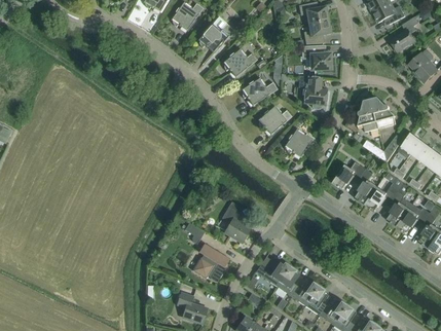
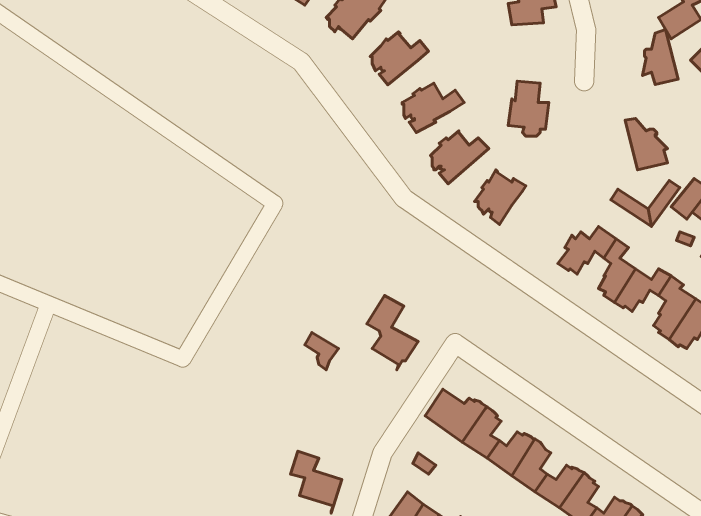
building: [301,44,331,69] -> none
building: [358,99,378,131] -> [643,30,678,84]
building: [192,243,229,282] -> none

